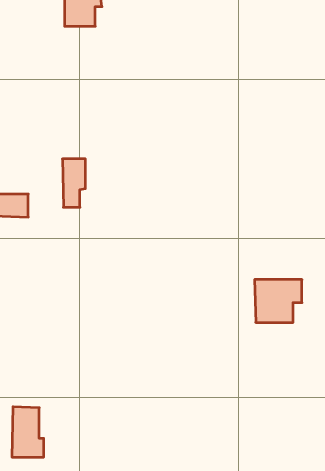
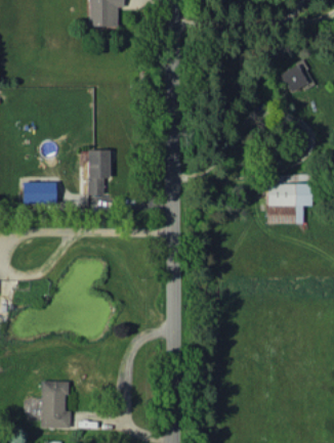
building: none -> [281,61,312,92]
building: [255,280,302,322] -> [266,183,310,223]

